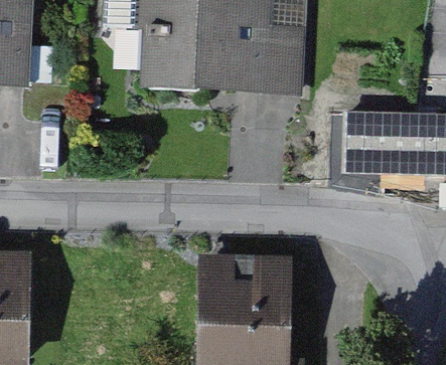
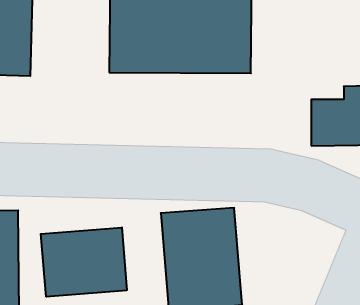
building: none -> [41,227,127,297]

